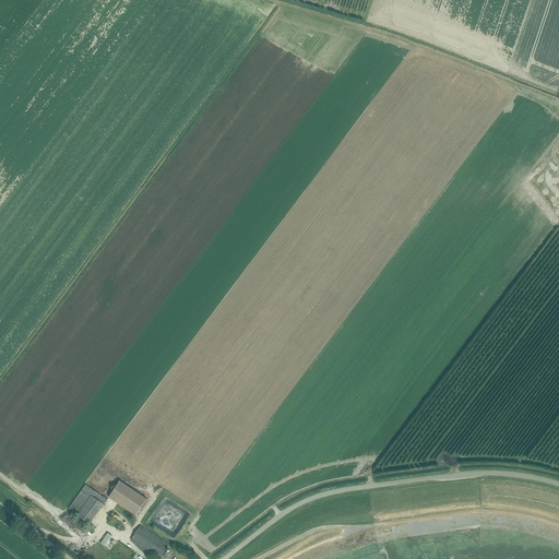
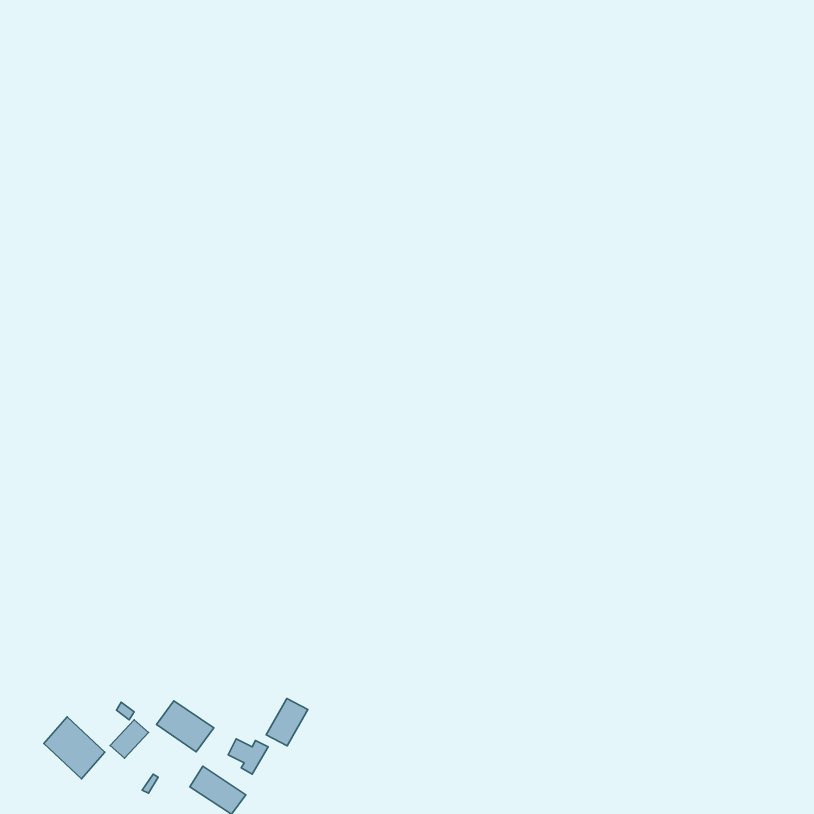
building: none -> [266,698,308,746]
building: none -> [44,717,105,779]

